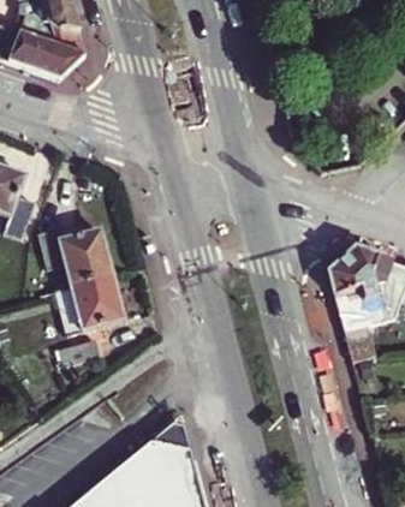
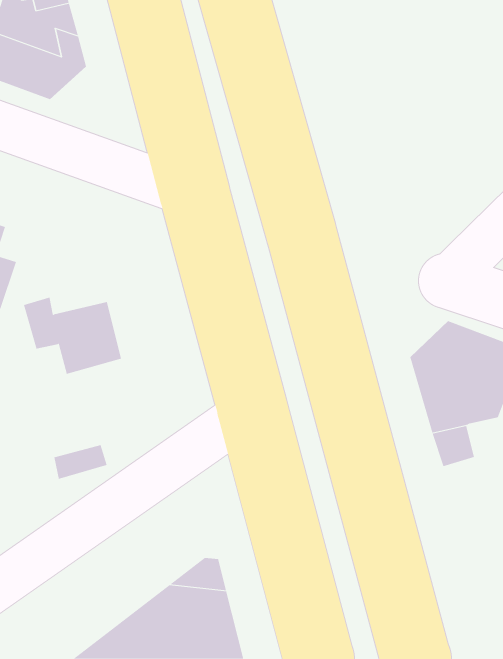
building: [54,273,124,334] -> none

